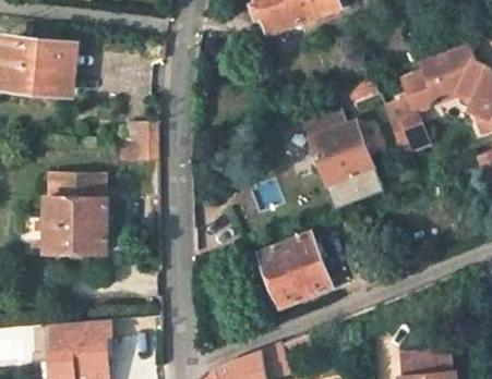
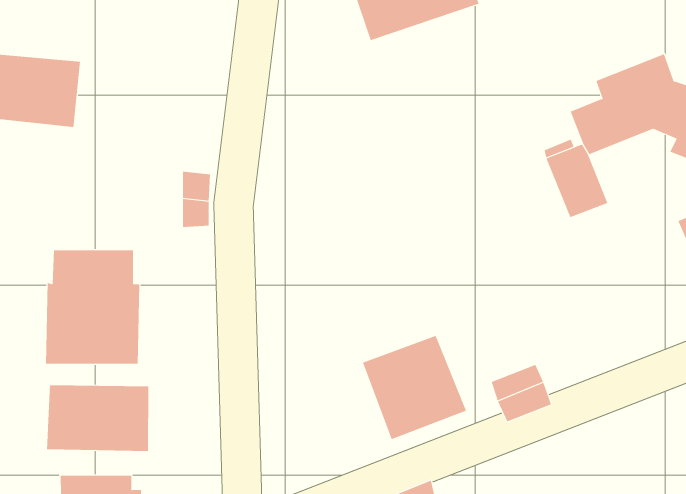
building: [301,107,380,203] -> none
building: none -> [46,385,149,452]

